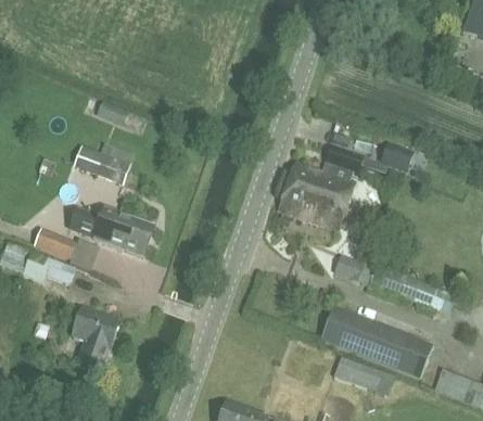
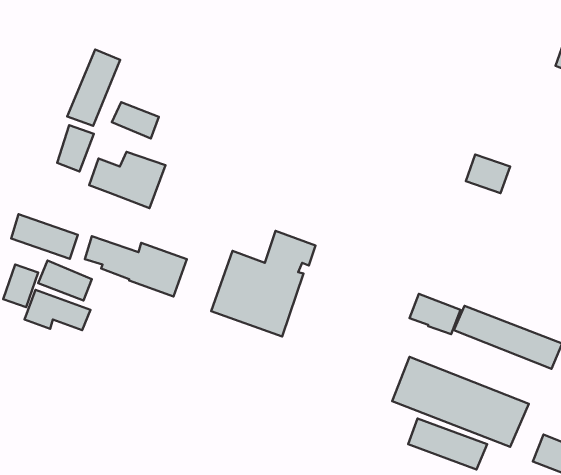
building: none -> [67,49,120,126]
building: none -> [57,125,94,171]
building: [279,143,364,229] -> [211,231,316,337]
building: none -> [11,214,78,259]
building: [71,307,119,371] -> none

